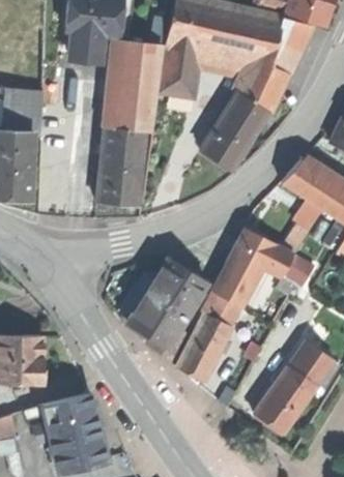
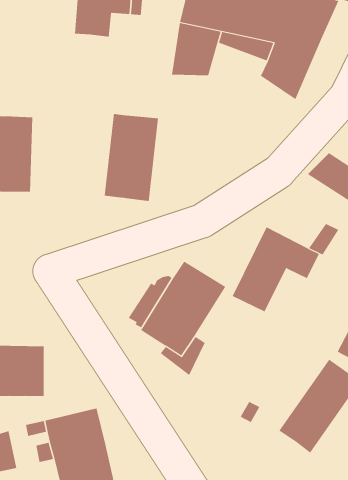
building: [114,40,161,131] -> none
building: [6,88,40,129] -> none
building: [200,92,267,170] -> none
building: [178,292,242,381] -> none

